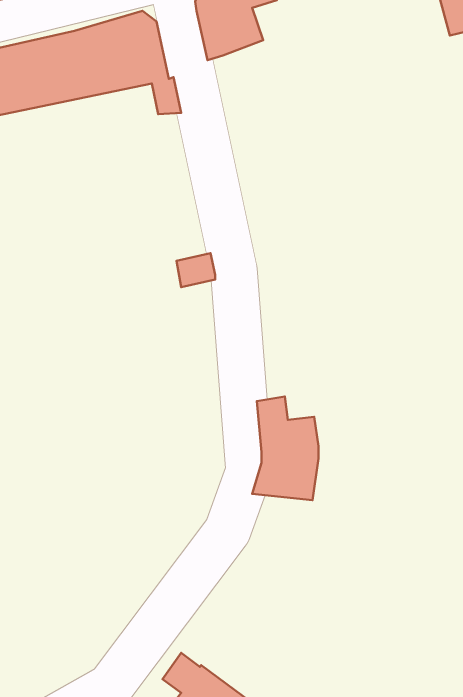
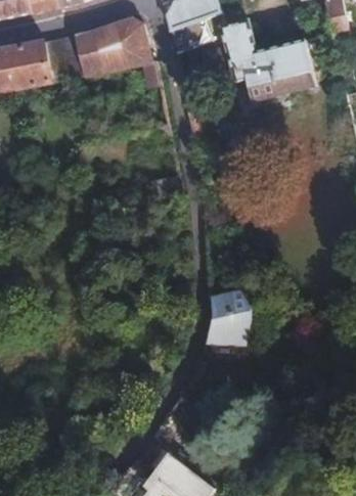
building: none -> [206,20,316,99]

